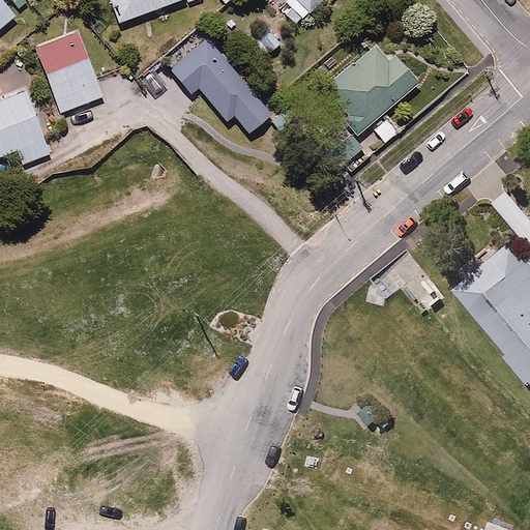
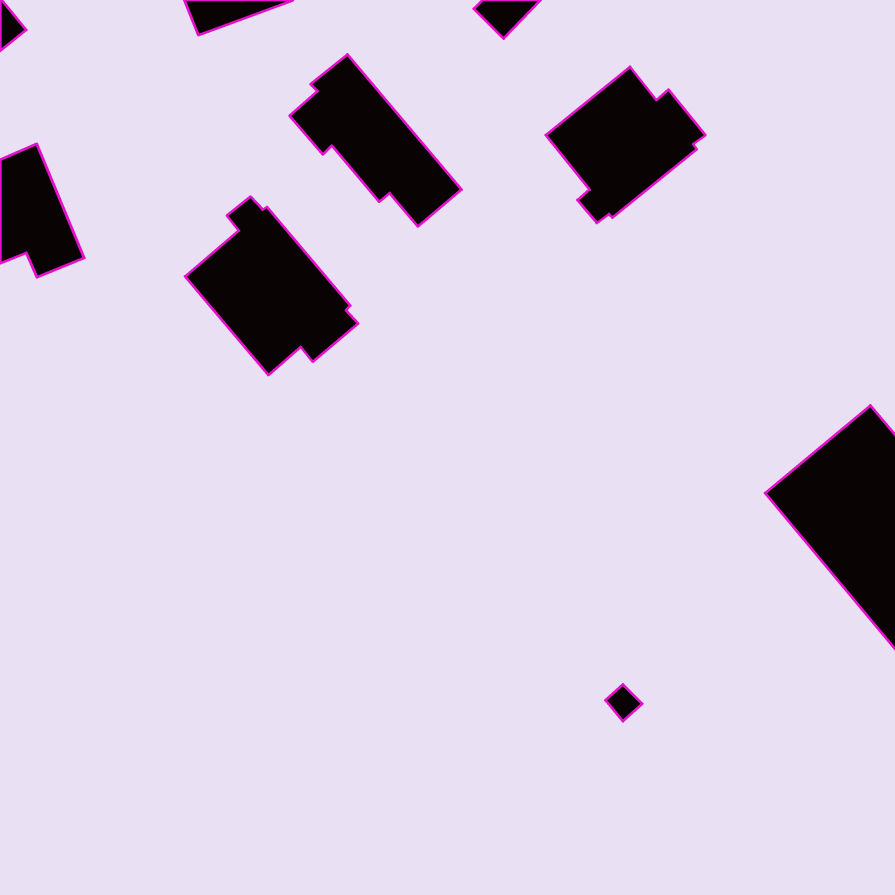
building: [30,29,106,118] -> none
building: none -> [185,197,358,375]

